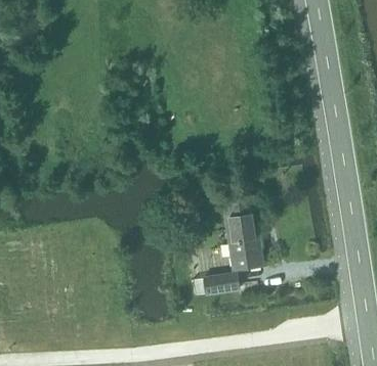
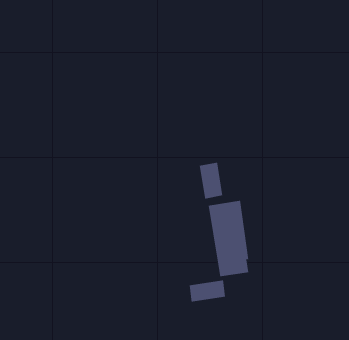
building: none -> [199,162,223,199]

